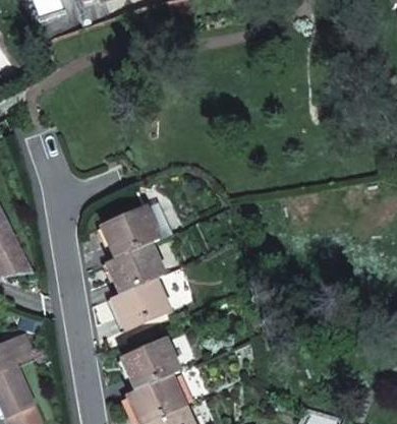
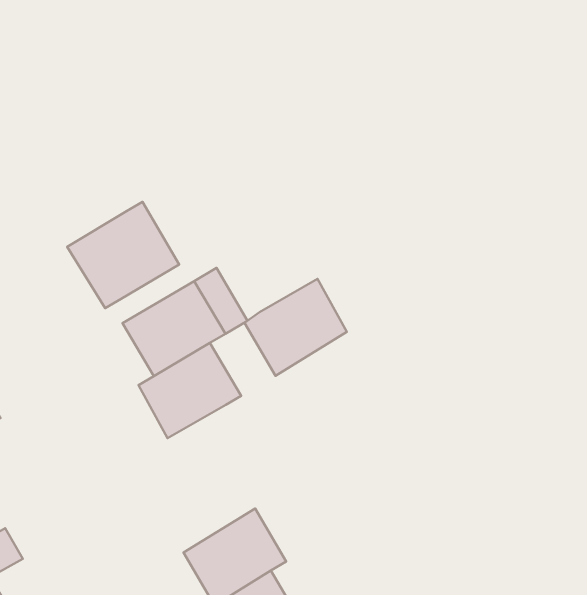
building: none -> [67,202,179,308]
building: [112,278,169,329] -> [244,279,347,376]

